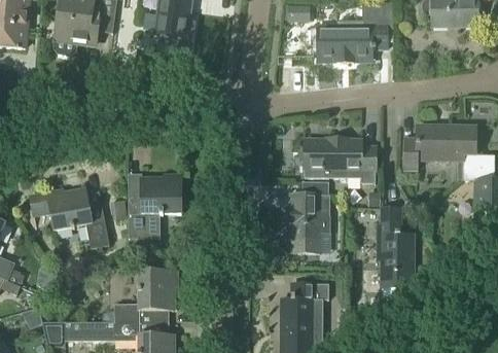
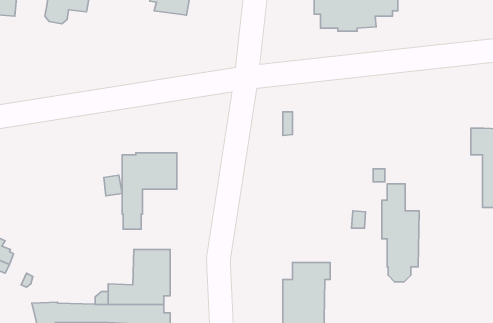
building: [403,125,474,170] -> none
building: [303,140,376,183] -> none
building: [290,181,330,252] -> none
building: [30,187,109,247] -> none

